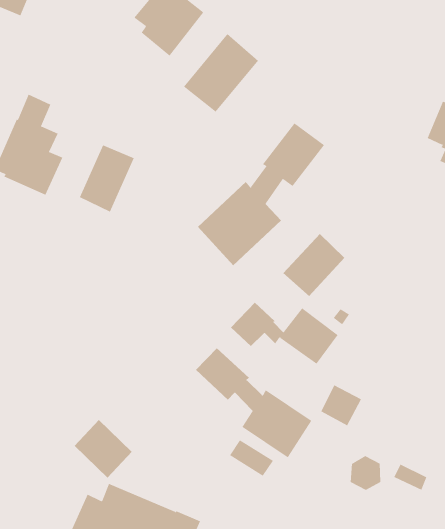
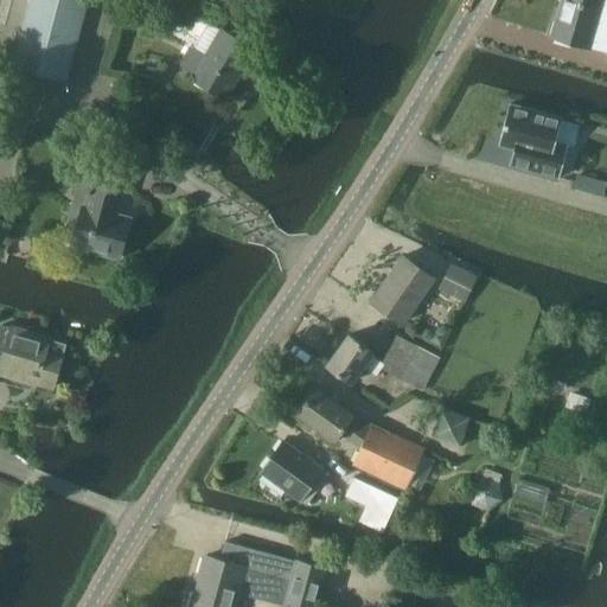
building: [183,33,259,112] -> none
building: [197,122,325,266] -> none
building: [79,145,135,212] -> none
building: none -> [439,266,478,302]
building: [74,419,132,479] -> [262,442,322,501]

